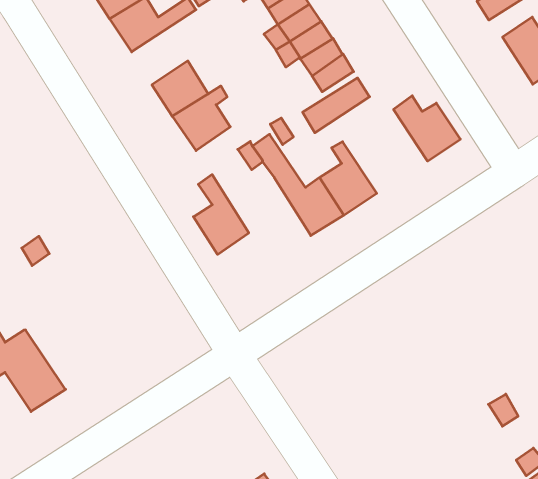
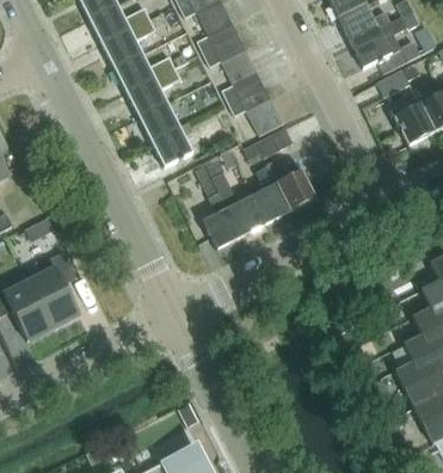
building: none -> [127,66,180,116]
building: [394,96,460,161] -> [270,162,315,210]
building: [193,175,249,254] -> [202,191,240,248]
building: none -> [24,250,80,326]

